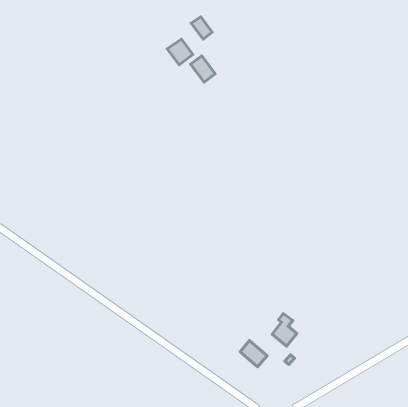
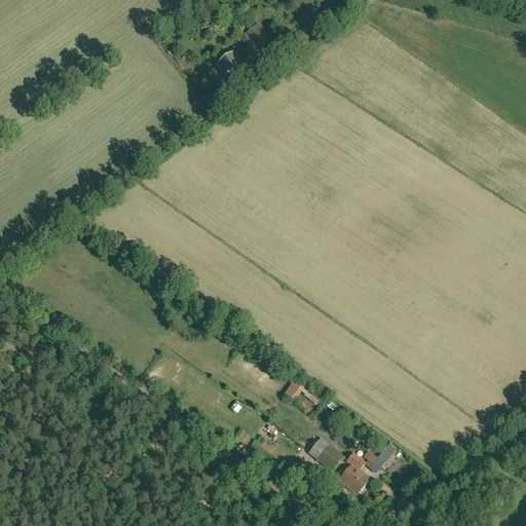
building: [191,56,215,82] -> none
building: [272,313,297,346] -> [338,452,370,494]

